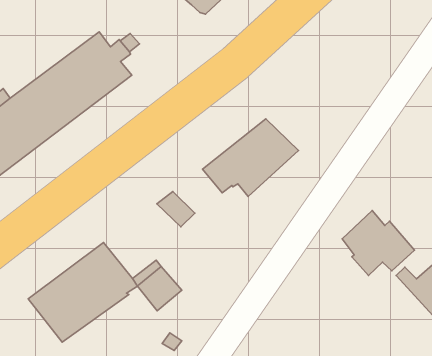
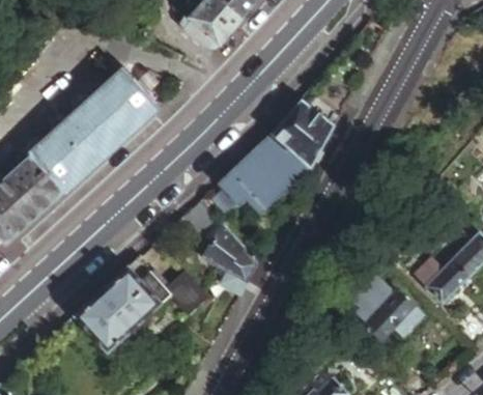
building: none -> [272,105,336,170]
building: [342,210,415,276] -> [354,281,421,340]
building: none -> [203,232,260,292]

